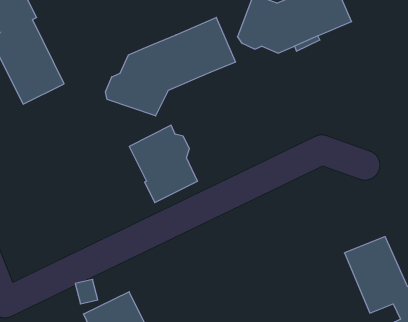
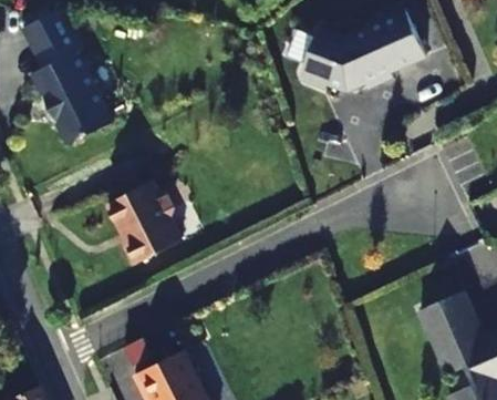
building: [106,17,235,116] -> none
building: [129,125,198,203] -> [107,183,182,267]

